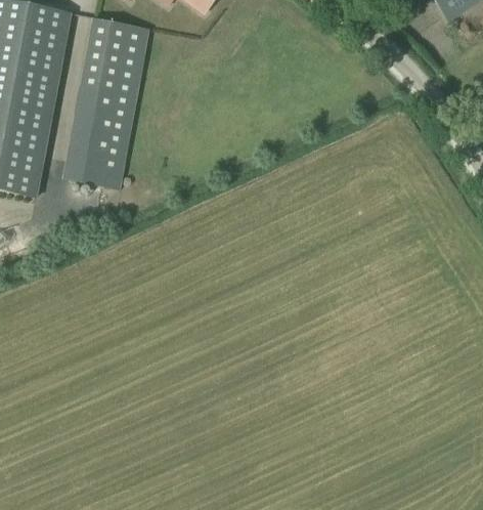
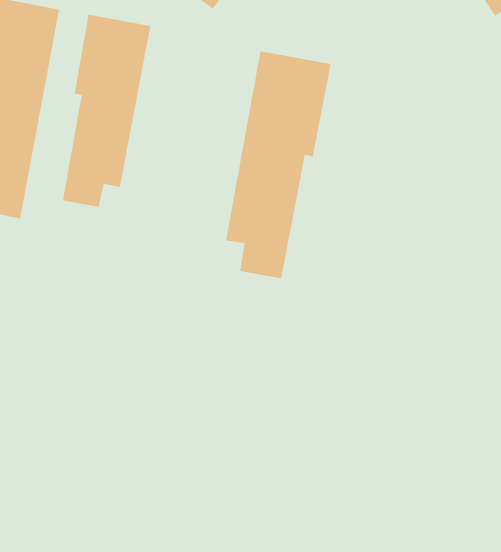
building: none -> [226,50,331,279]

